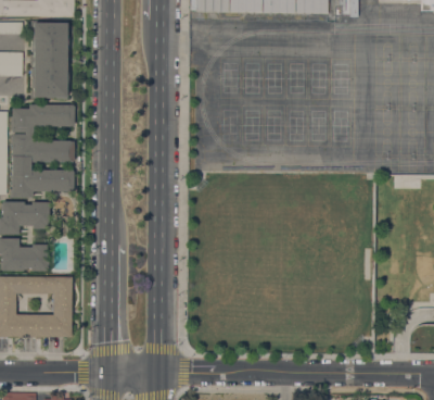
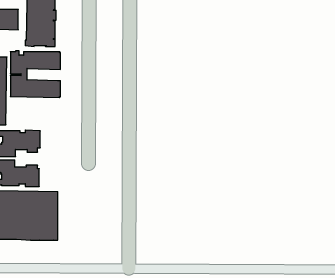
building: [13,160,73,197] -> none

